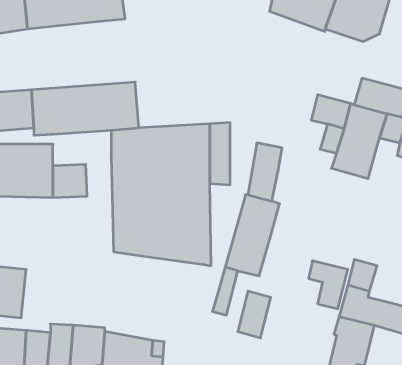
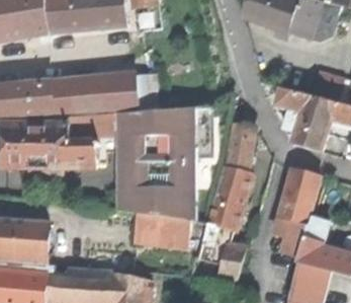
building: none -> [70,112,116,141]
building: none -> [277,169,319,224]
building: none -> [135,213,190,246]

